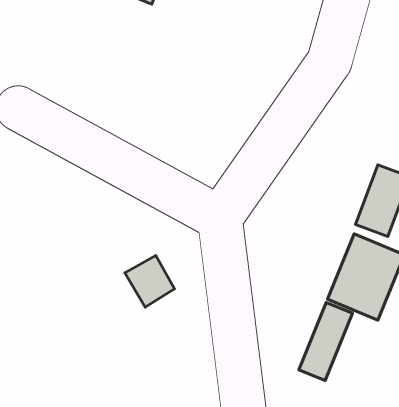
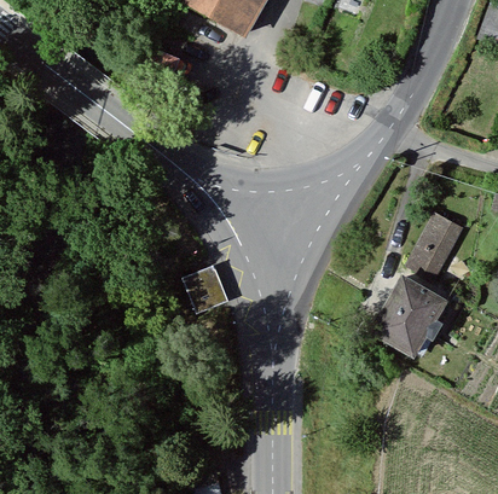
building: [299,303,352,381] -> none

